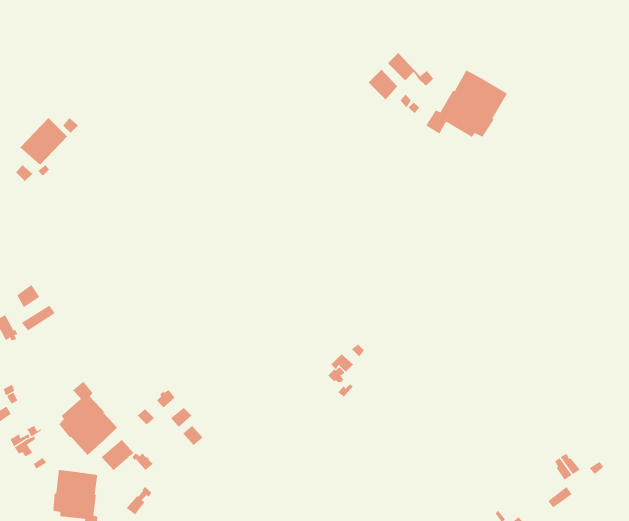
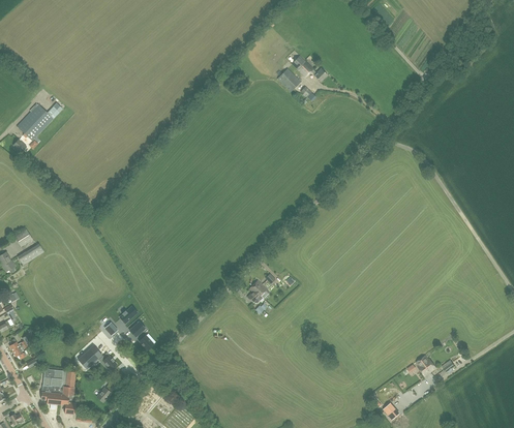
building: [425,70,508,138] -> none
building: [58,381,118,456] -> none

